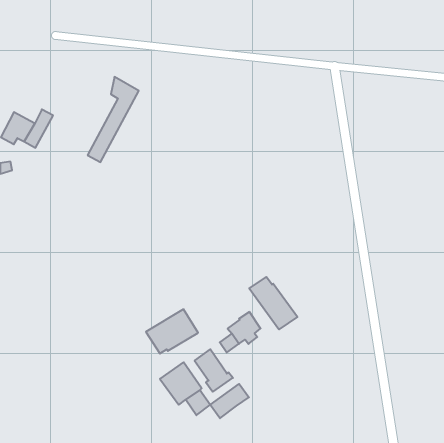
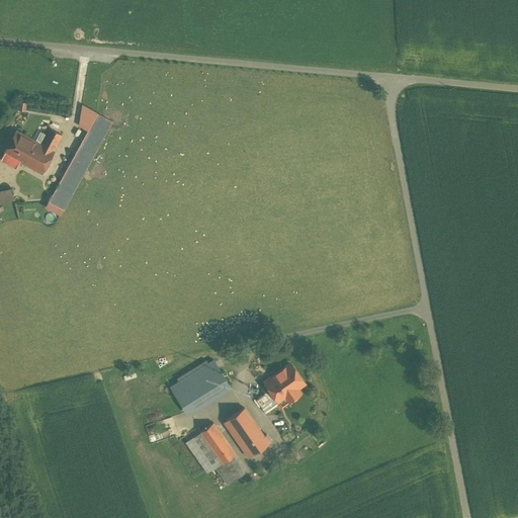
building: [88,77,139,162] -> [52,105,111,204]
building: [249,277,297,329] -> none
building: [210,384,249,418] -> none

